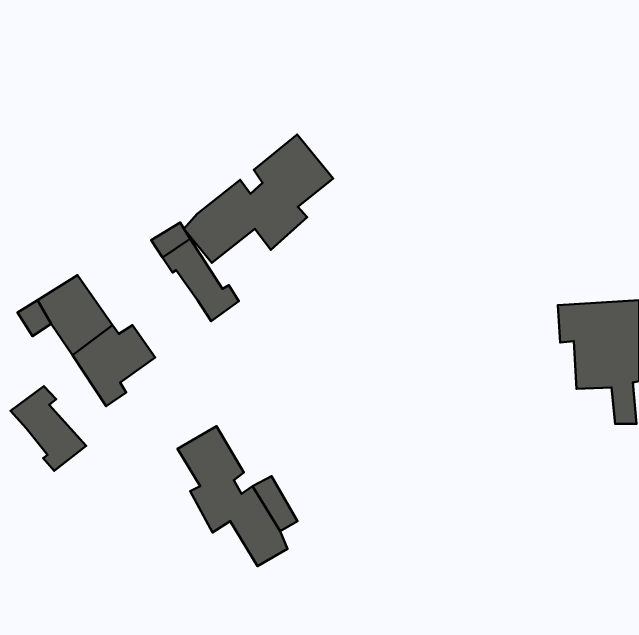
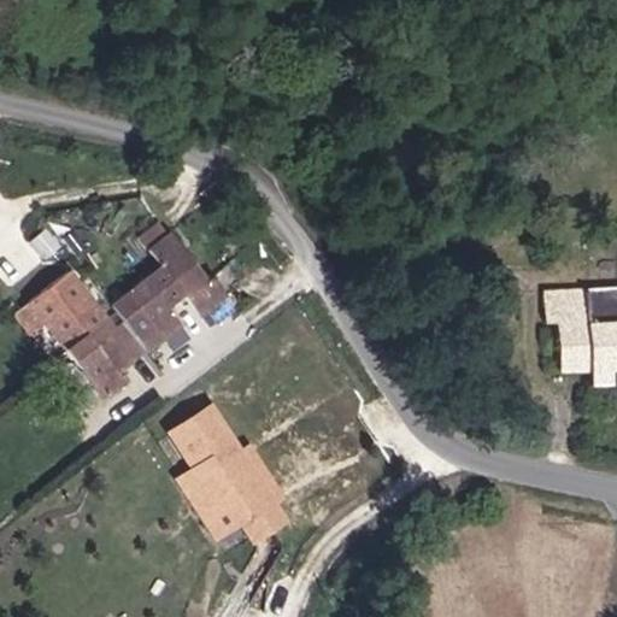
building: [184,135,333,263] -> none
building: none -> [128,264,190,348]
building: [10,386,86,471] -> none

